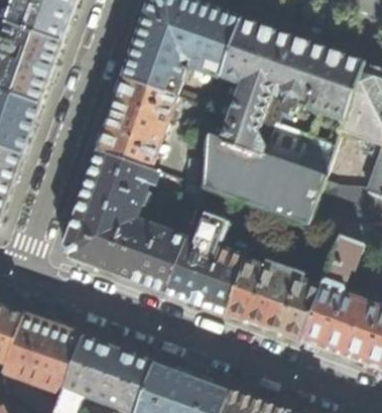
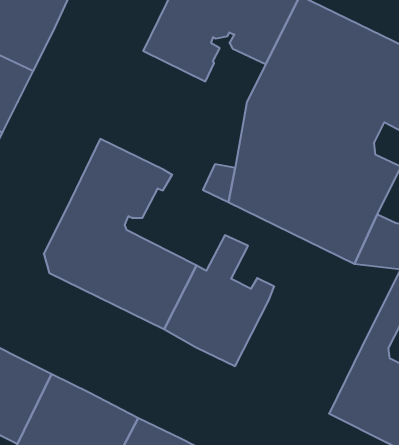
building: [99,78,176,168] -> none
building: [225,260,322,342] -> none

